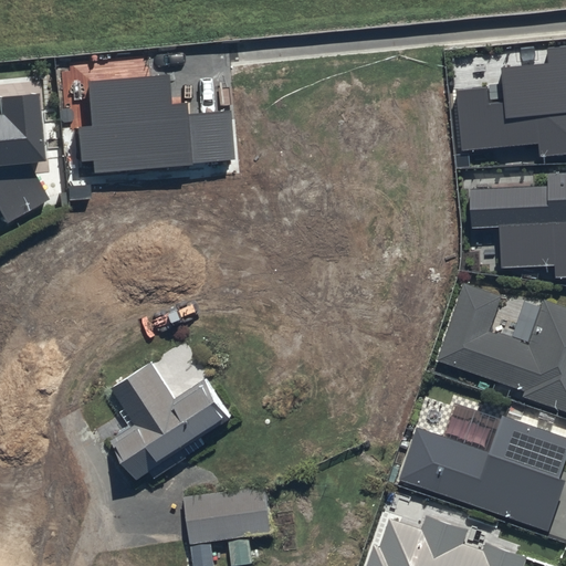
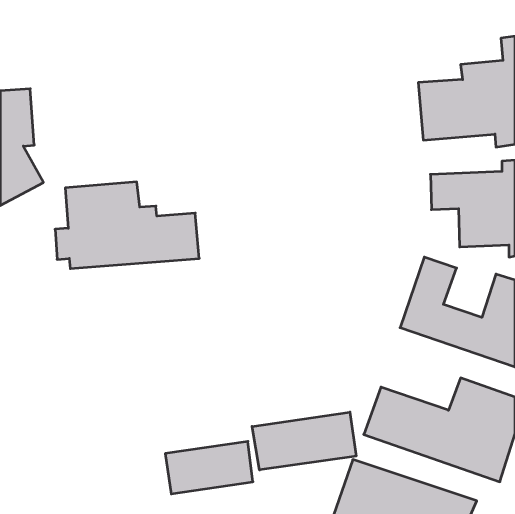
building: [78,77,237,172] -> [55,182,199,269]
building: [111,357,235,480] -> none
building: none -> [252,412,356,470]

